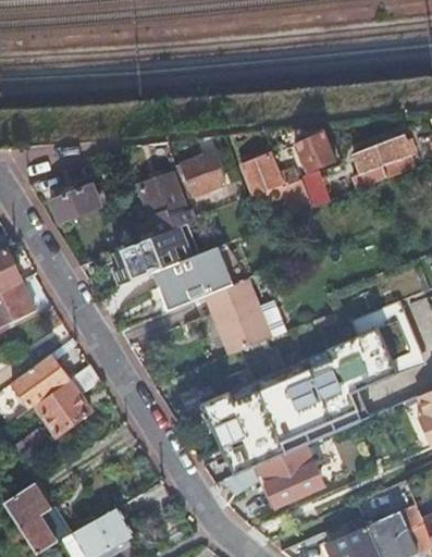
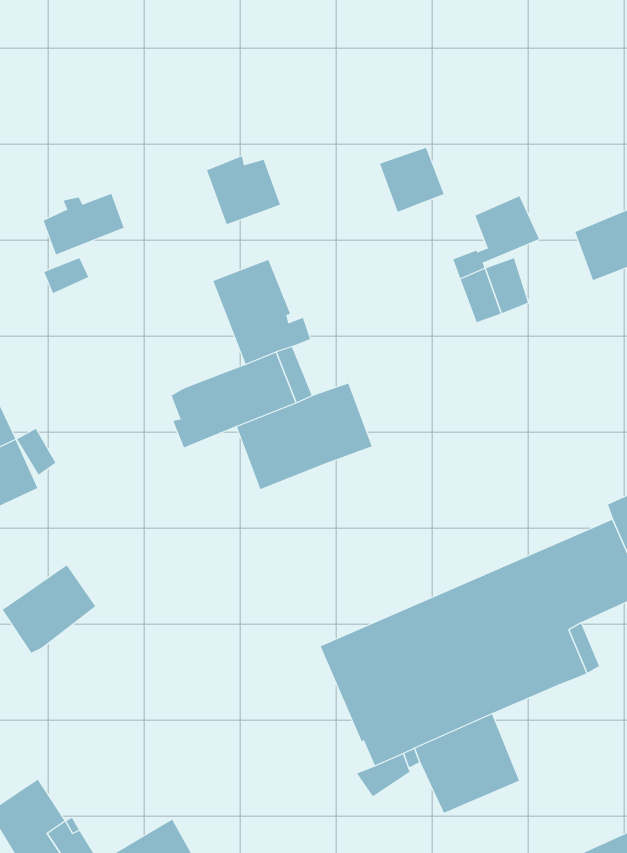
building: [181,156,225,197] -> [206,156,281,225]
building: [243,157,282,196] -> [379,147,445,212]
building: [52,185,101,222] -> [43,193,125,255]
building: [206,278,273,355] -> none
building: [37,367,99,436] -> none

